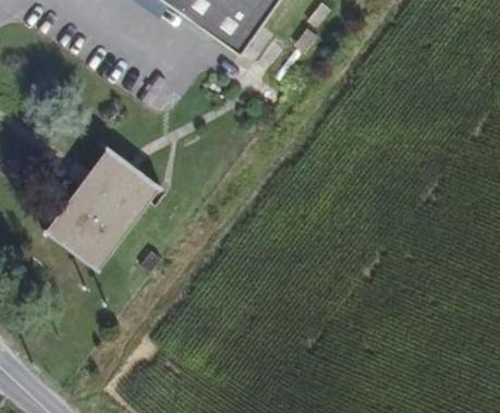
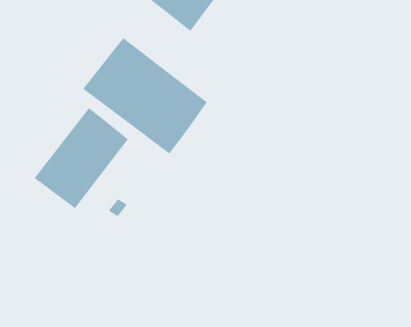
building: none -> [82,37,208,154]

